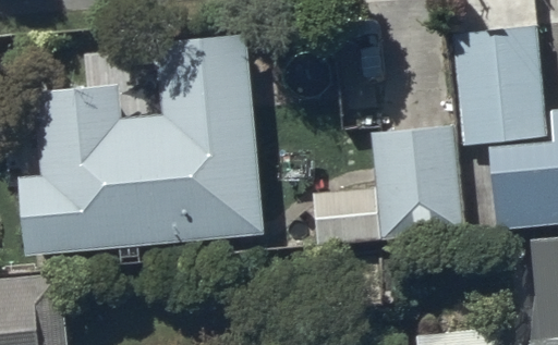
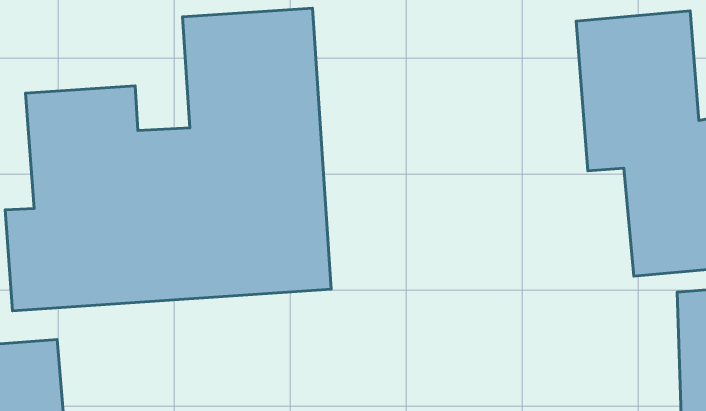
building: [287,124,461,249] -> none

